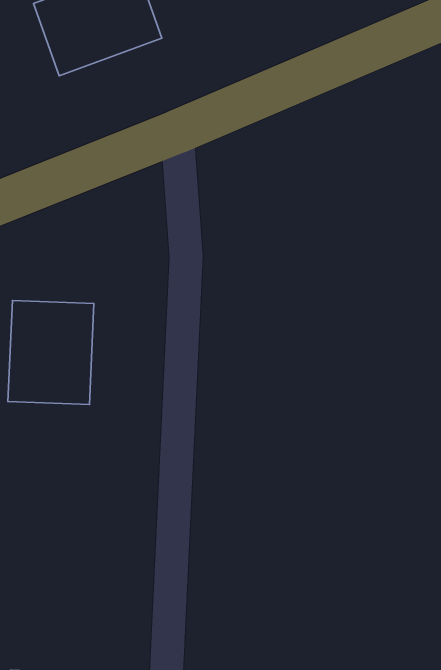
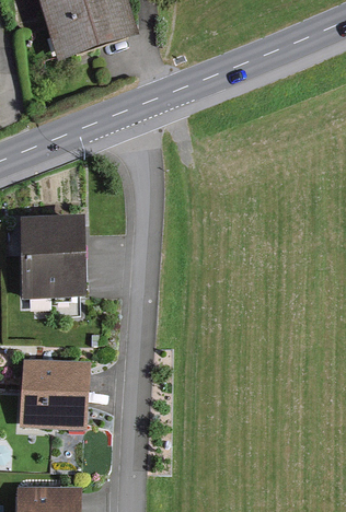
building: none -> [23,360,83,432]

